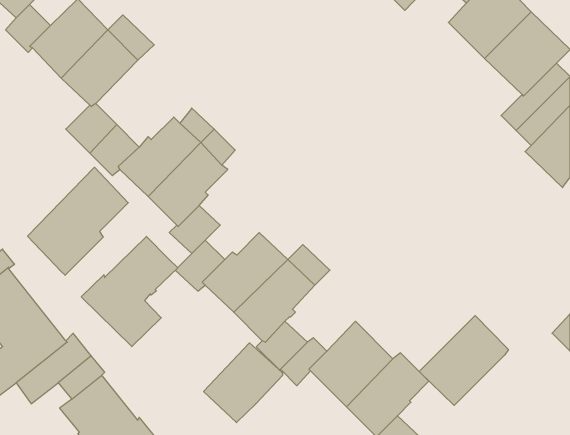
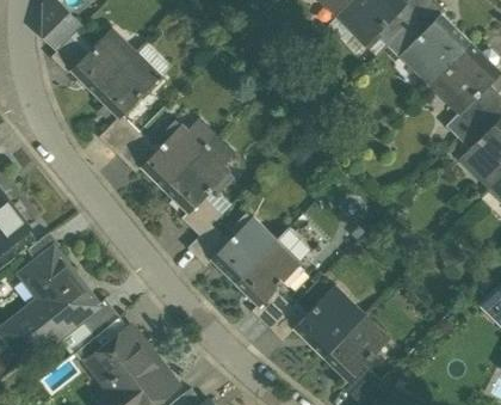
building: [28,167,128,275] -> none
building: [81,236,178,347] -> none
building: [419,316,508,405] -> none
building: [204,343,283,423] -> none

